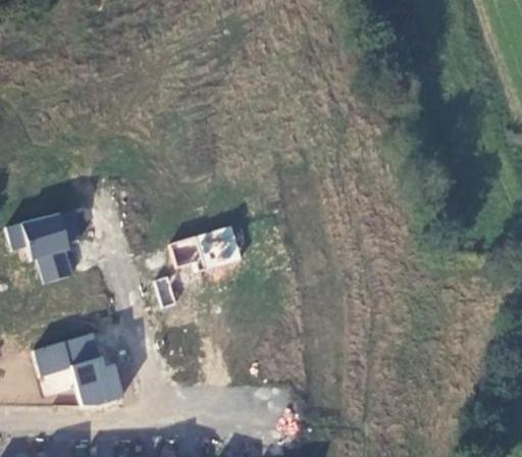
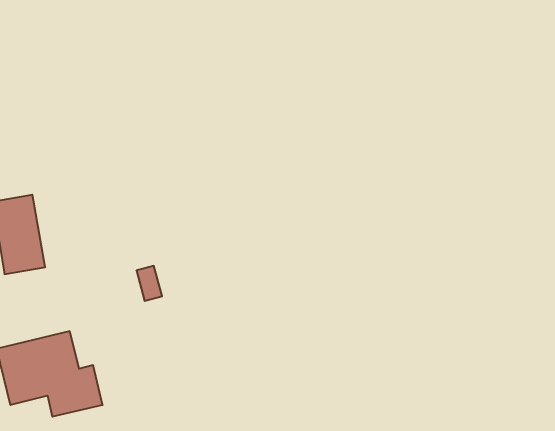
building: [169,224,243,275] -> none

